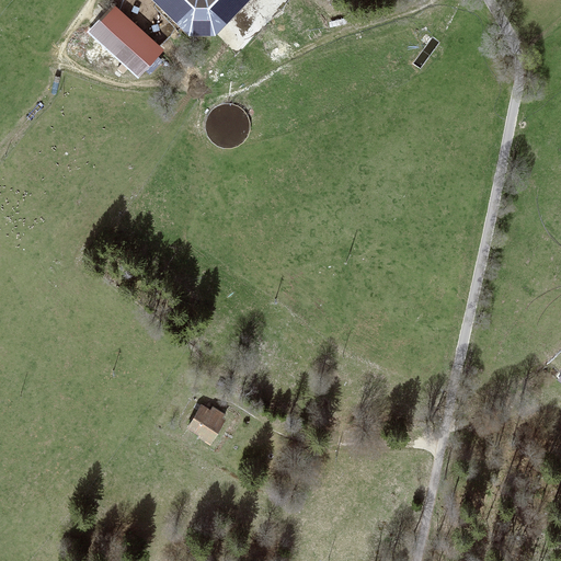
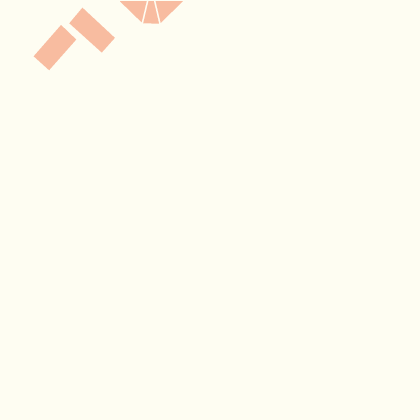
building: none -> [33,24,77,71]
building: [188,405,224,442] -> none

